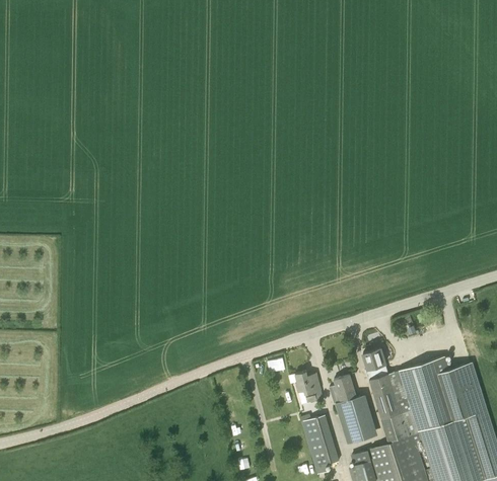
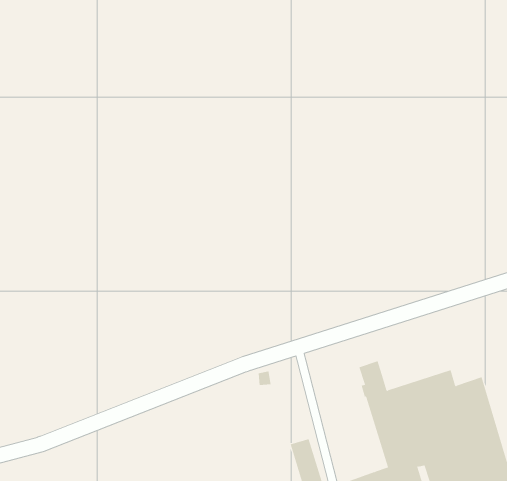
building: [296,372,324,405] -> none
building: [335,375,373,445] -> none

